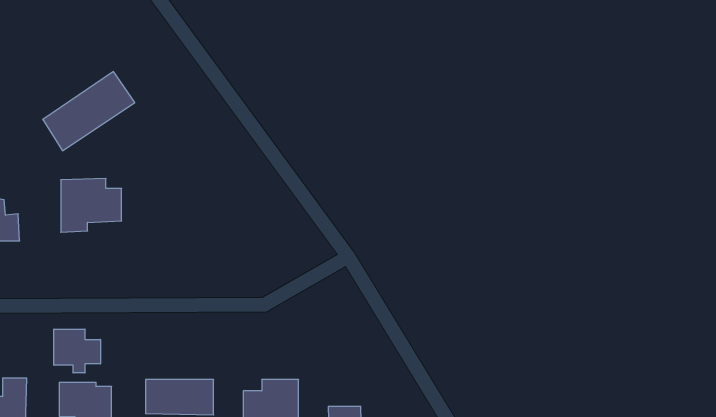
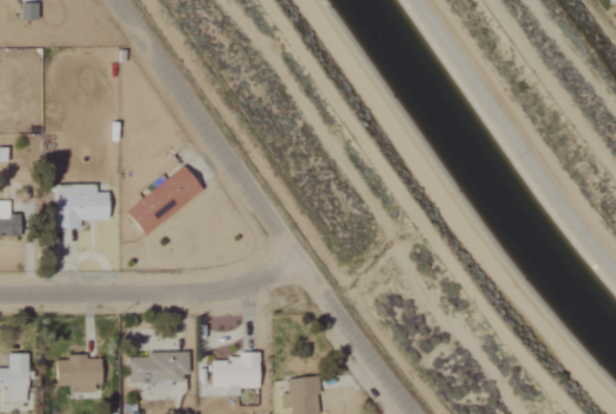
building: [43,71,135,151] -> [126,166,205,233]
building: [54,329,100,373] -> none

